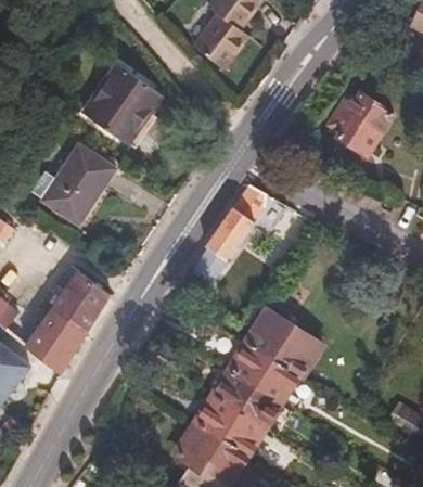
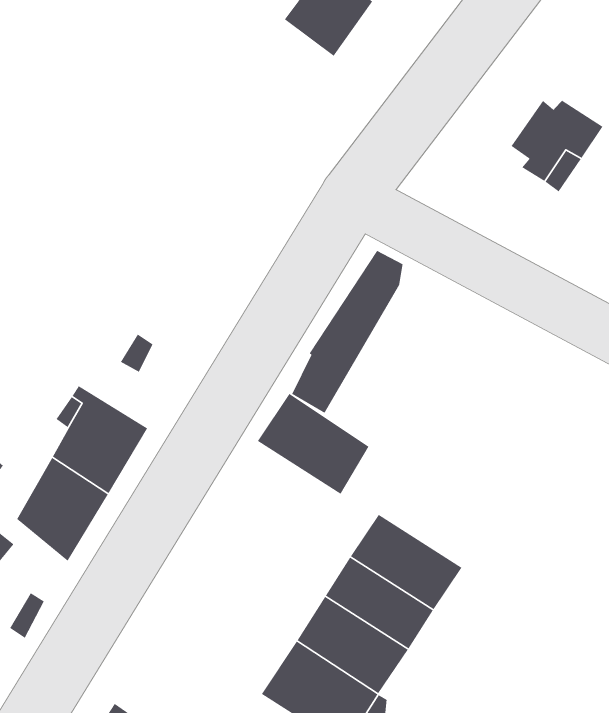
building: [85,65,162,145] -> none
building: [42,146,115,227] -> none
building: [249,316,318,377] -> [257,393,369,495]

